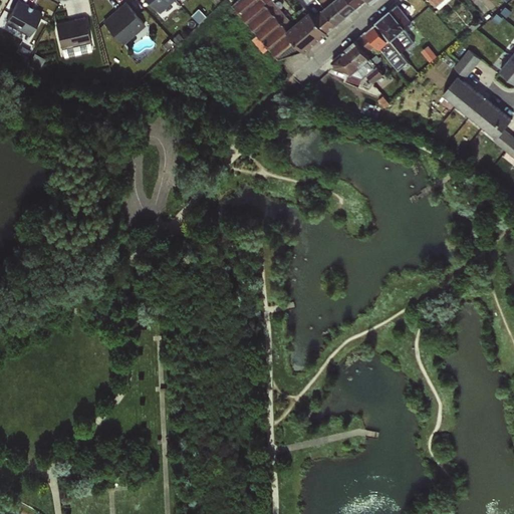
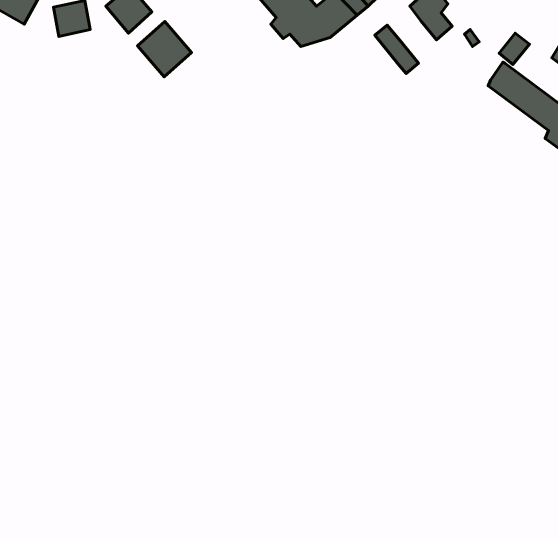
building: [355,23,386,53] -> none
building: none -> [138,21,191,77]
building: [330,49,365,86] -> none

